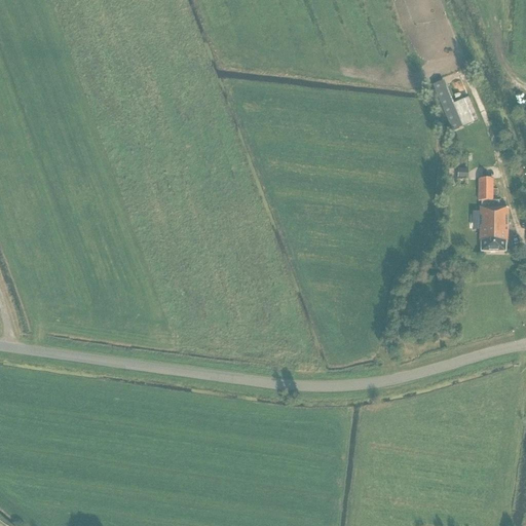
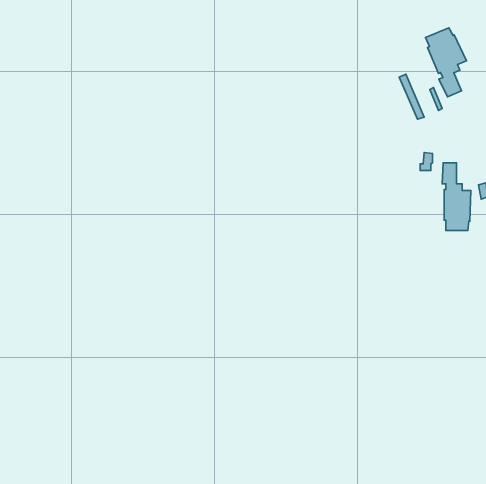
building: none -> [426,28,466,97]

